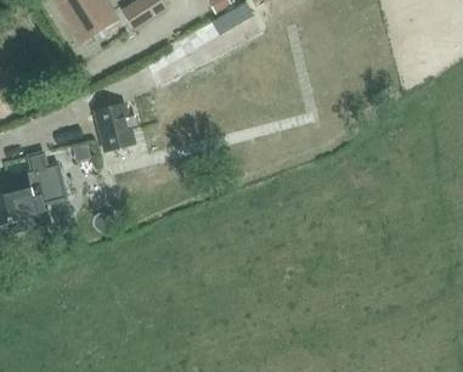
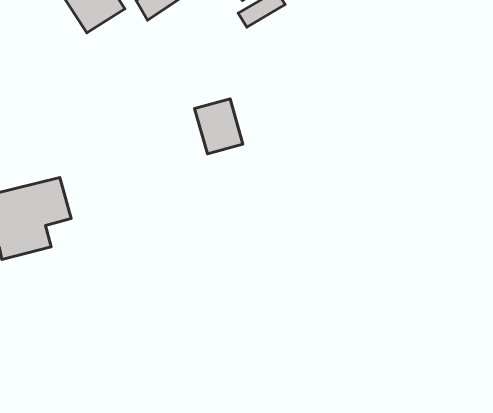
building: [92,103,134,151] -> [195,99,243,154]

